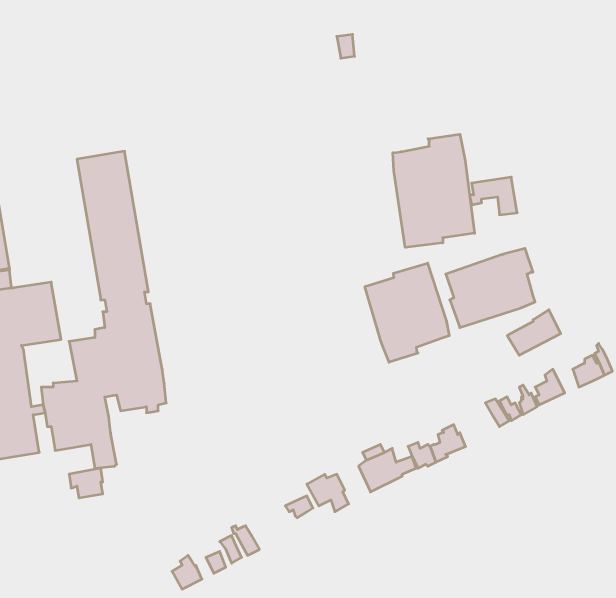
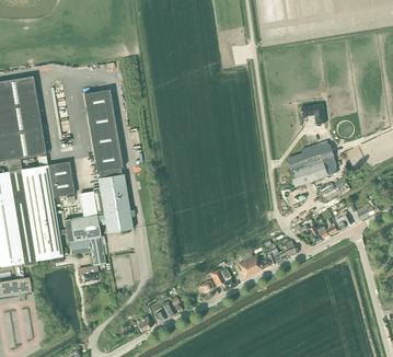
building: [393,134,475,247] -> none
building: [365,263,449,362] -> none

